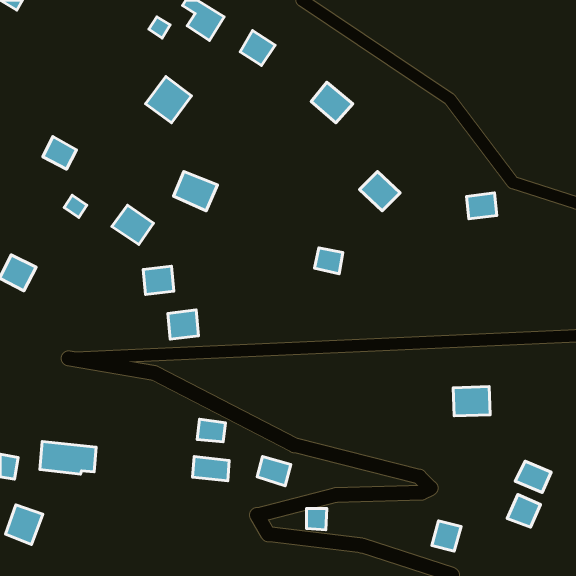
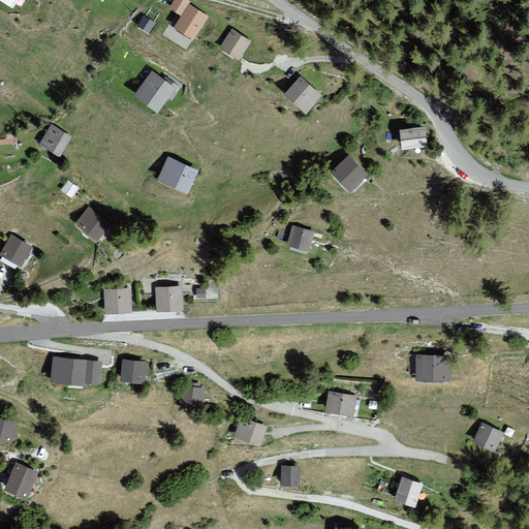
building: [466,193,497,219] -> [400,126,428,150]
building: [112,205,153,244] -> [73,206,112,242]
building: [143,266,174,294] -> [103,287,131,313]
building: none -> [120,360,147,383]
building: none -> [325,391,356,416]
building: [40,441,96,474] -> [51,356,102,386]
building: [192,456,229,481] -> none
building: [507,495,541,527] -> none

